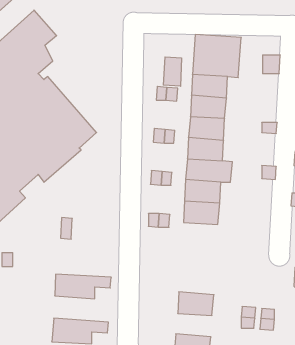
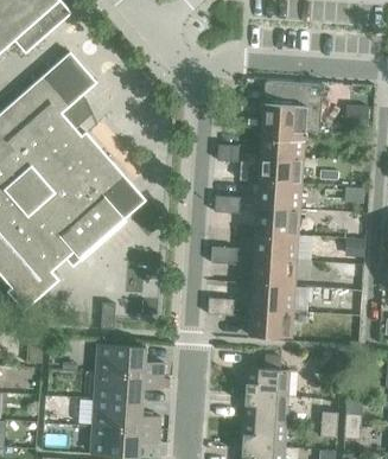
building: [163,57,181,86] -> none
building: none -> [248,310,292,338]
building: none -> [95,344,164,376]
building: none -> [244,356,288,397]
building: none -> [93,399,160,431]
building: none -> [241,420,285,448]

